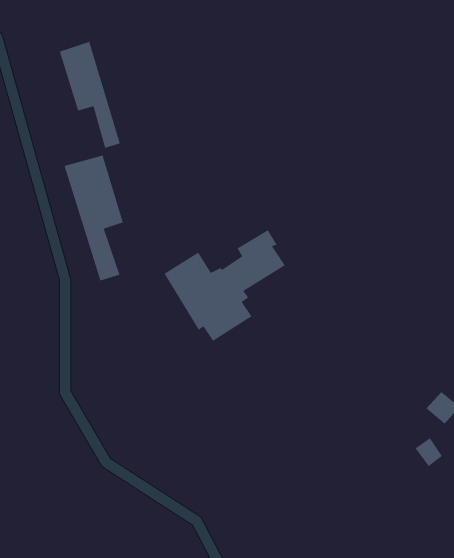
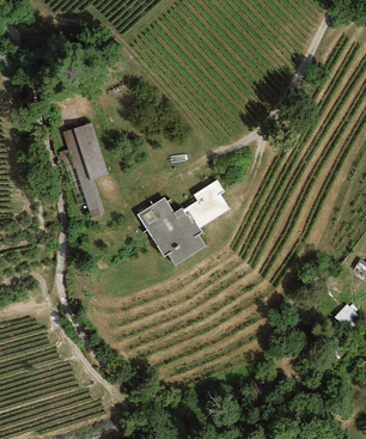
building: [59,41,121,149] -> none

